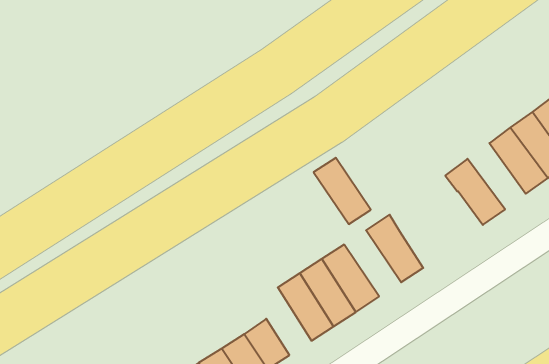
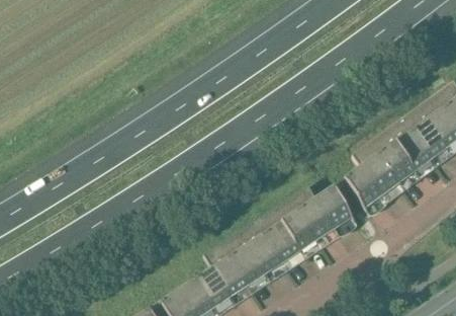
building: none -> [370,132,416,183]
building: [314,158,371,224] -> [274,200,318,251]
building: none -> [346,169,382,209]
building: none -> [317,189,354,229]
building: none -> [204,244,249,297]

